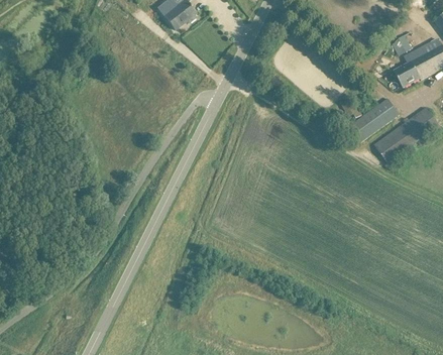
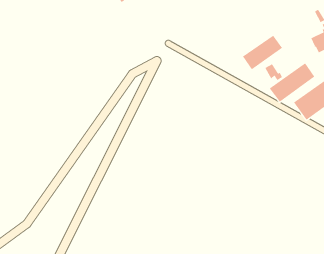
building: none -> [242,35,283,70]

